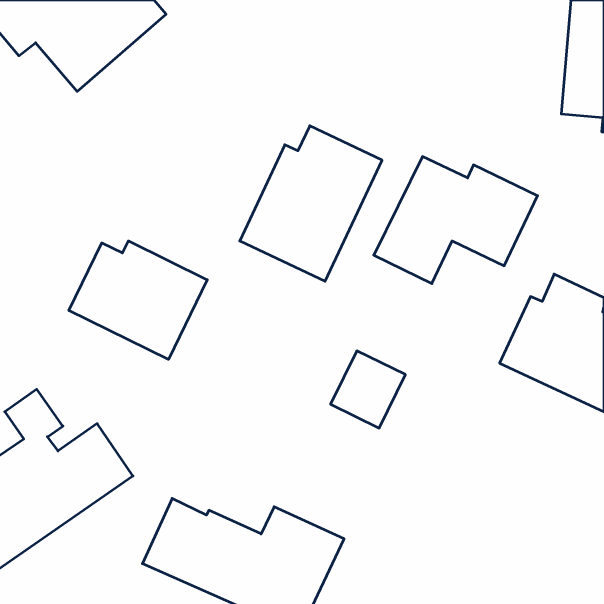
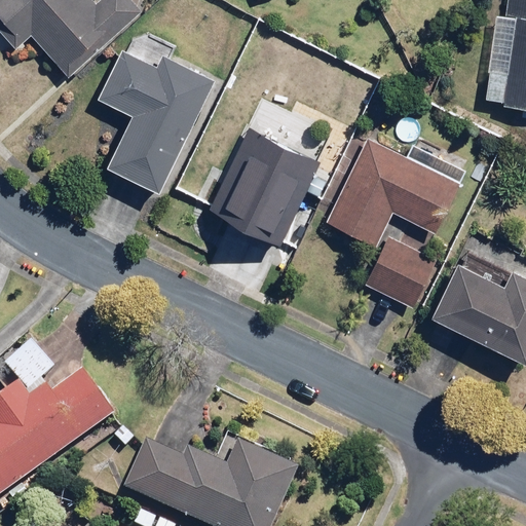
building: none -> [100,32,215,193]
building: [69,241,207,359] -> none
building: [331,351,405,428] -> [364,238,428,305]

